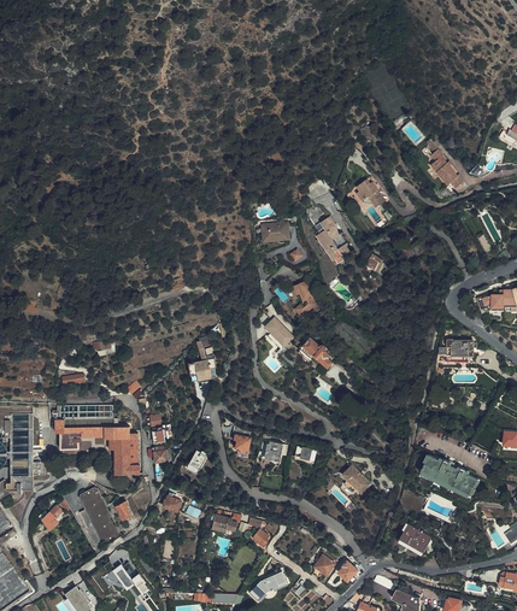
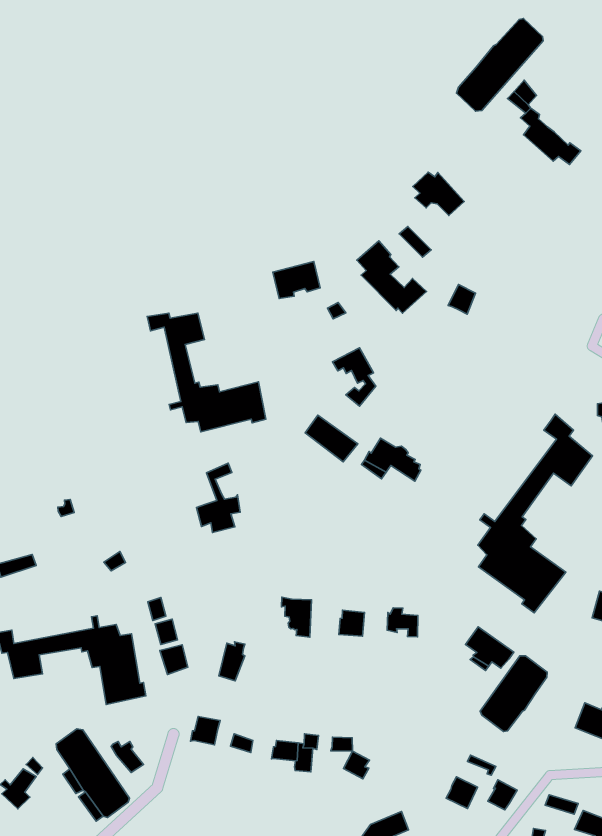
building: none -> [457,19,543,111]
building: none -> [147,313,266,432]
building: none -> [478,414,593,613]
building: none -> [480,656,547,731]

